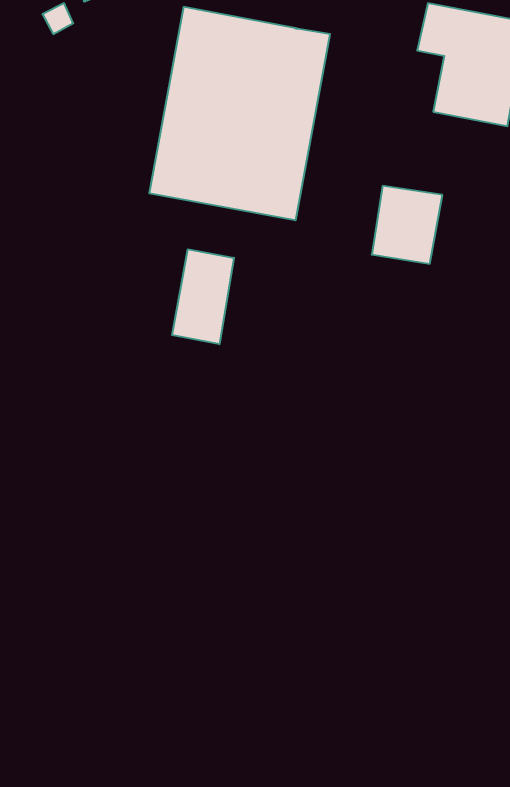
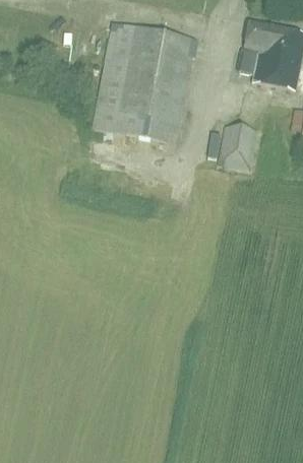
building: [172,249,234,344] -> none

